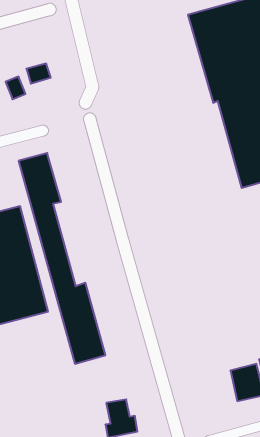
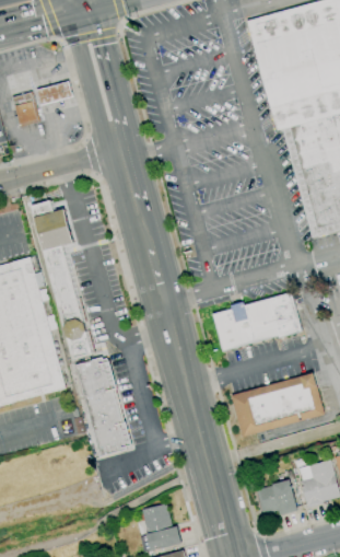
building: none -> [211,292,301,352]
building: none -> [230,373,324,437]
building: none -> [256,481,296,515]

